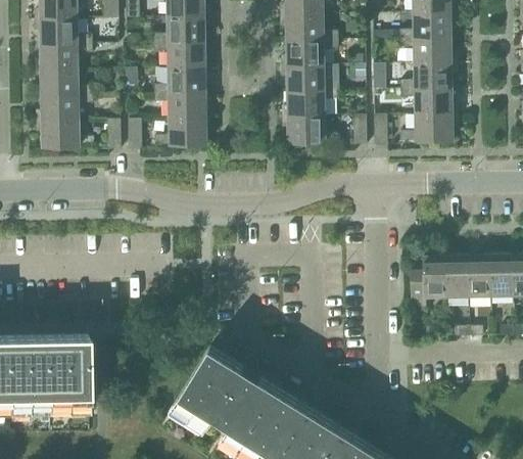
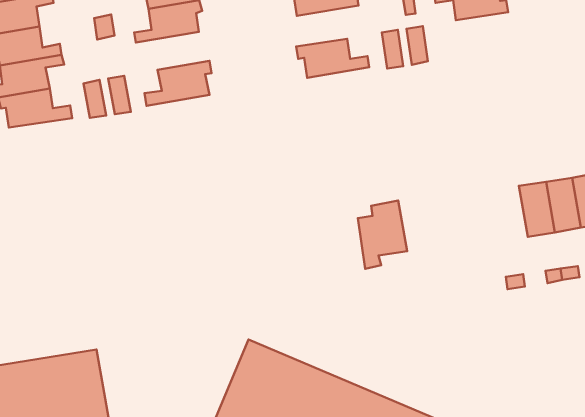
building: [282,91,339,117] -> none
building: [154,93,211,119] -> none
building: [400,114,458,141] -> none
building: [411,256,446,307] -> [358,201,407,269]

